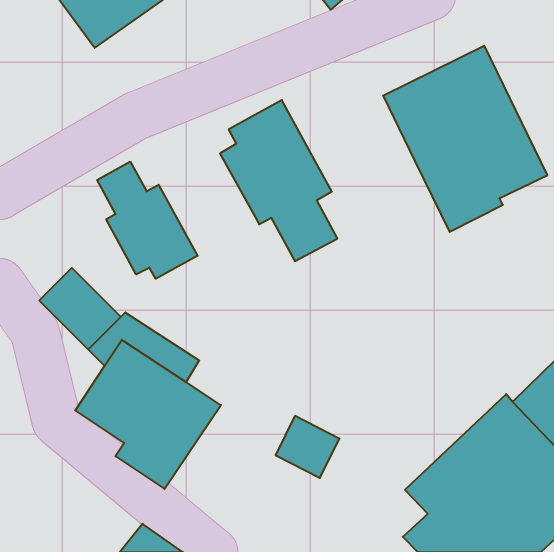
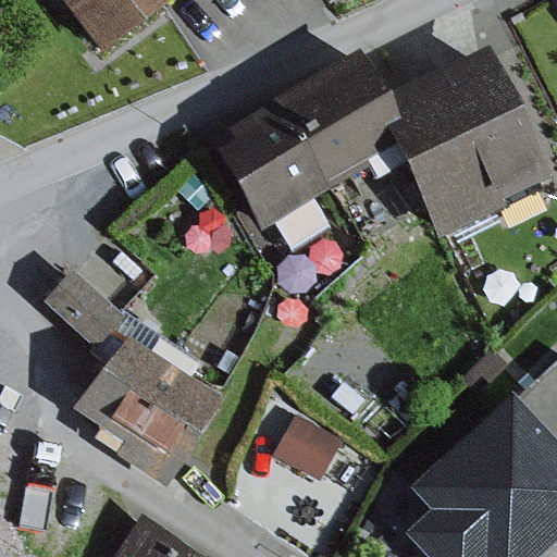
building: none -> [284,60,417,191]
building: [97,162,198,279] -> none

